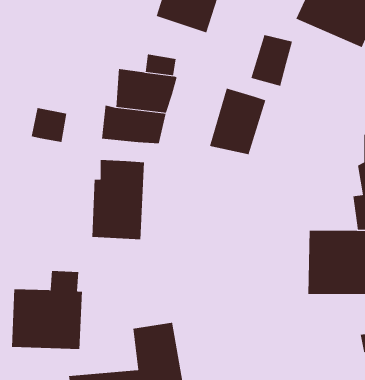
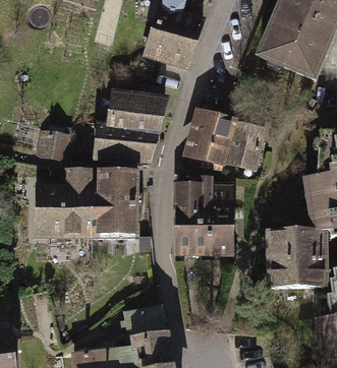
building: [250,34,293,87] -> [230,122,266,166]
building: none -> [178,177,235,251]
building: [11,271,83,349] -> [33,171,93,237]

